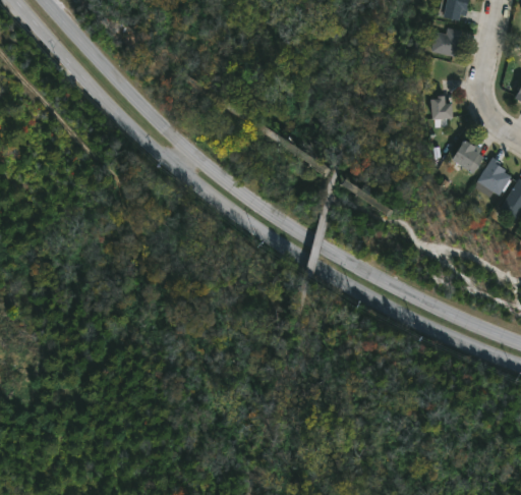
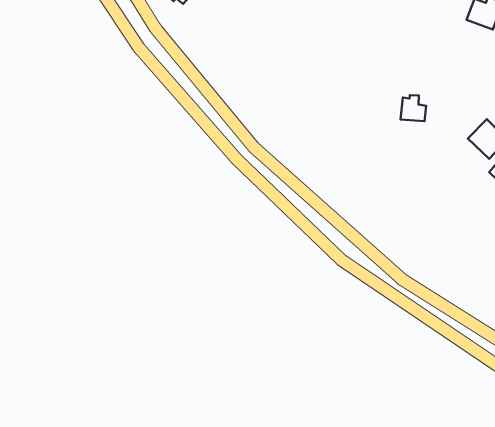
building: [428,95,452,119] -> [400,95,426,121]

